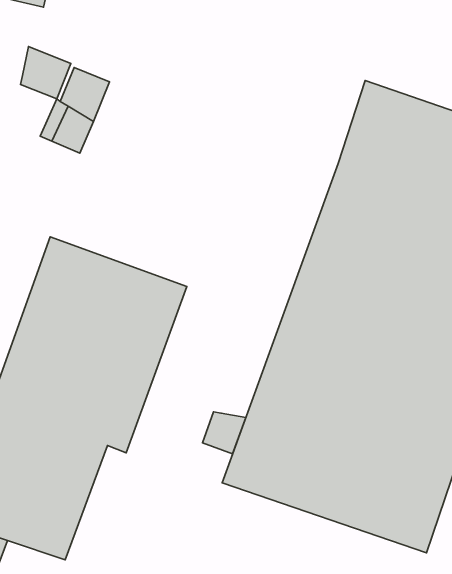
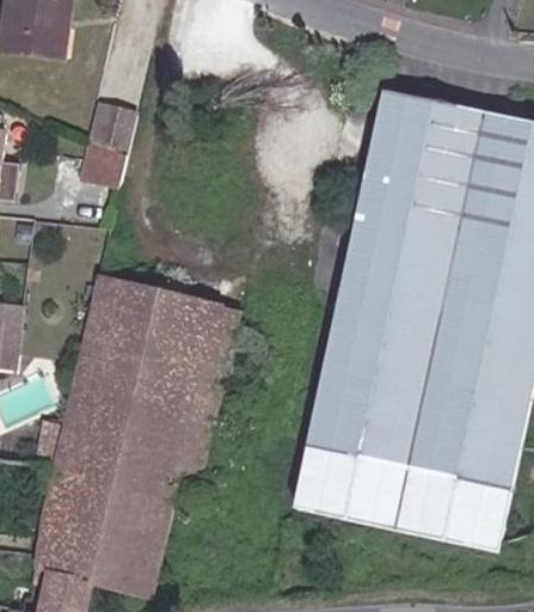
building: [20,47,71,99] -> none
building: [203,412,246,454] -> none

